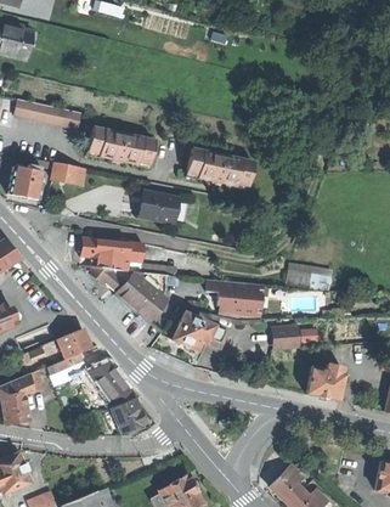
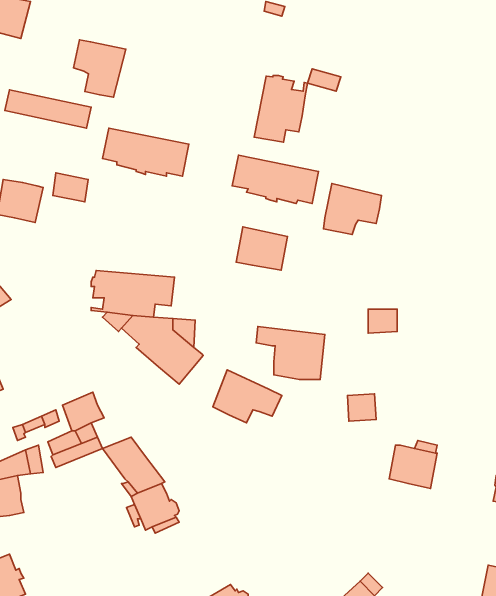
building: none -> [74,40,126,97]
building: none -> [254,76,307,142]
building: none -> [323,184,381,235]
building: [140,191,179,224] -> [236,227,287,270]

